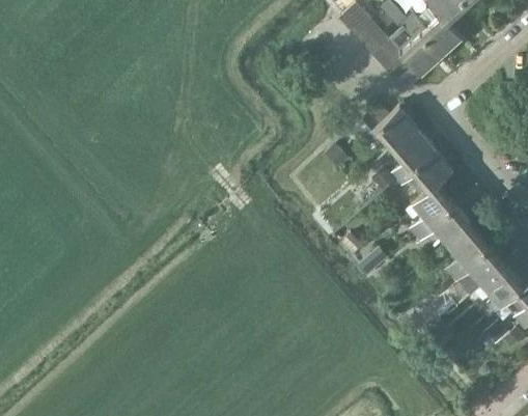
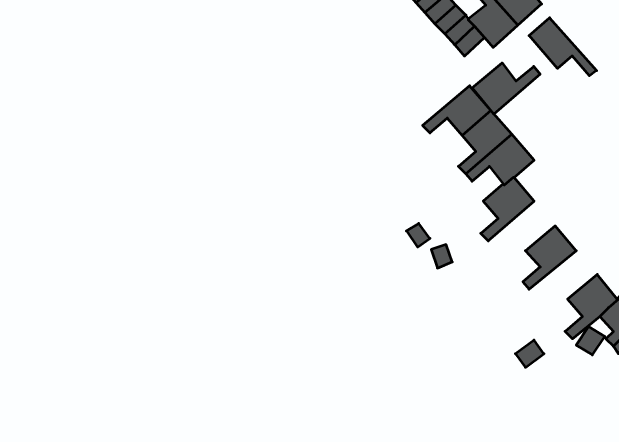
building: none -> [529,18,597,76]
building: none -> [472,63,540,114]
building: [417,203,473,245] -> none
building: [451,245,508,295] -> none

